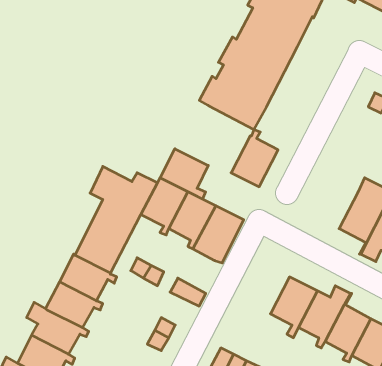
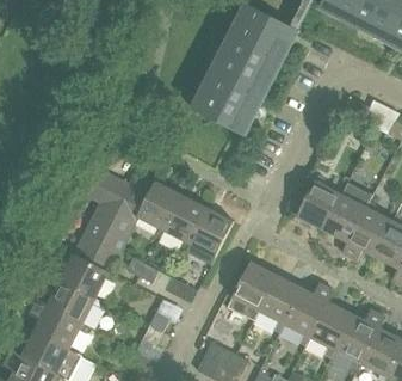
building: [231,130,278,187] -> [297,176,341,229]
building: [160,149,208,199] -> none
building: none -> [229,262,277,319]

